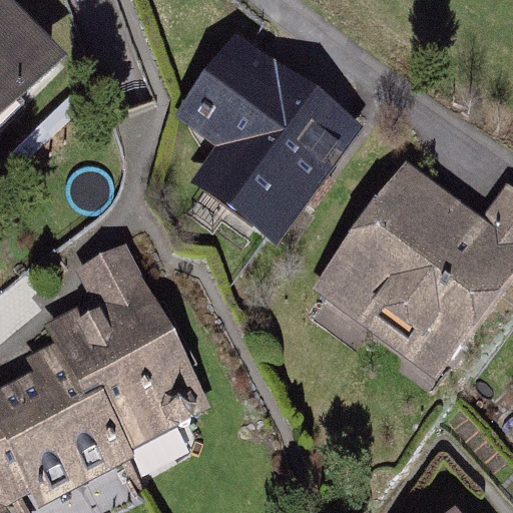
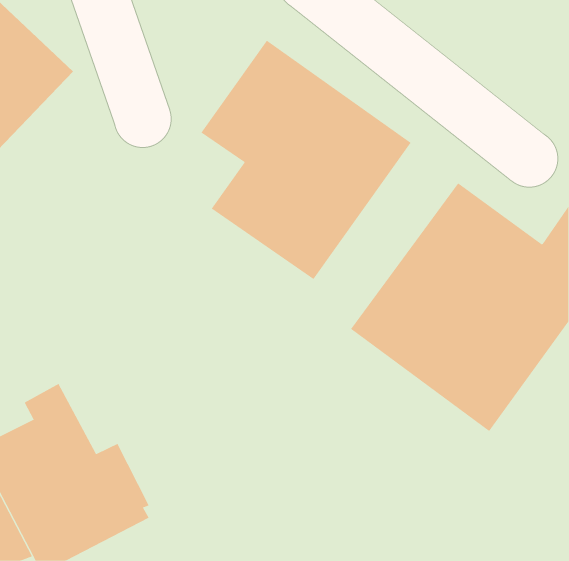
building: [43,241,210,447] -> none

